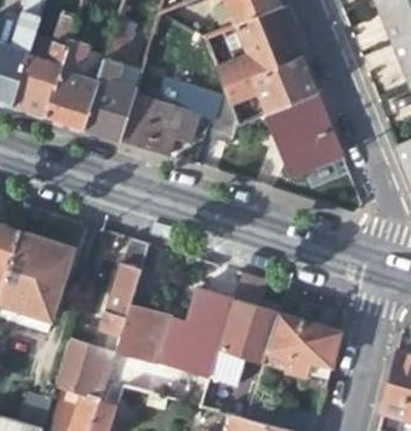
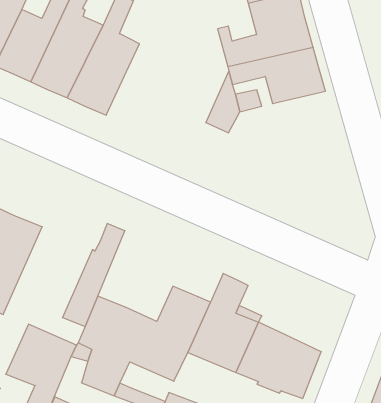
building: [118,76,202,155] -> none
building: [267,94,342,174] -> none

